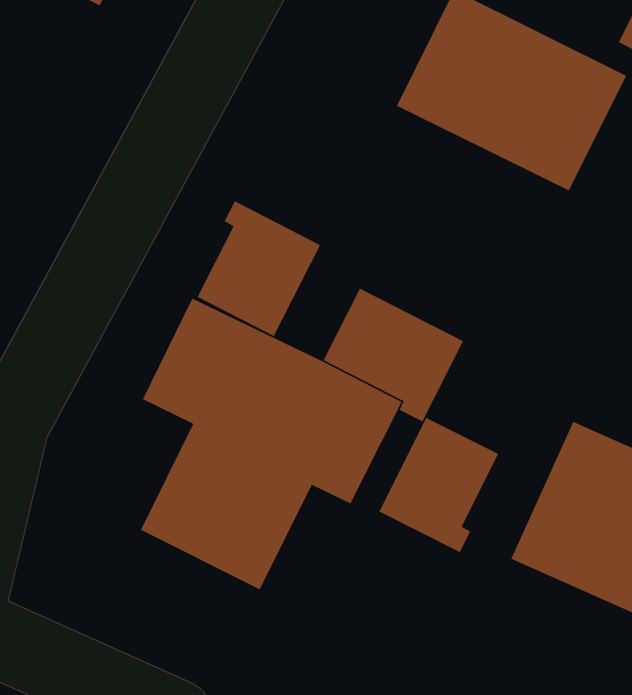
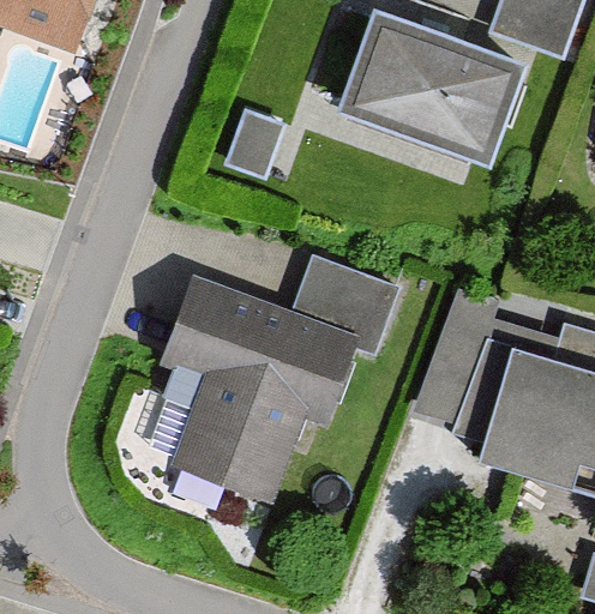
building: [196,200,321,337] -> none
building: [378,417,499,553] -> none

